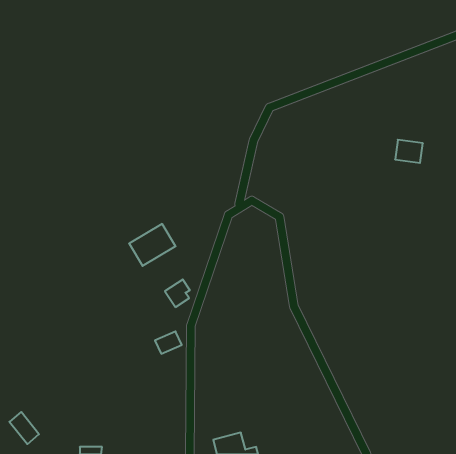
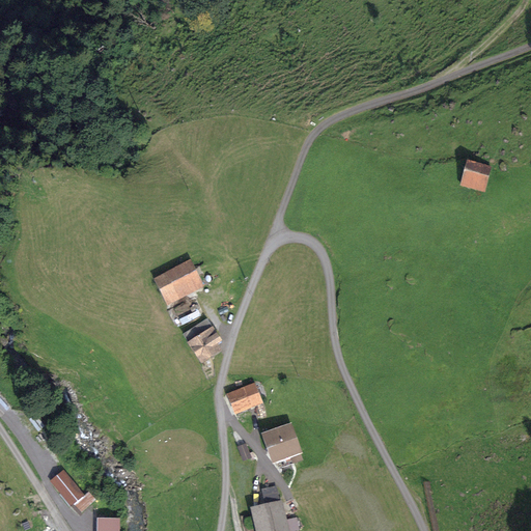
building: [155,331,182,354] -> [231,382,262,408]
building: none -> [259,425,302,464]
building: [9,412,39,444] -> [50,470,84,507]

